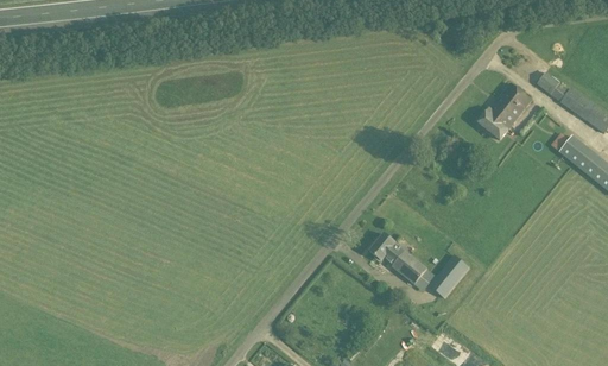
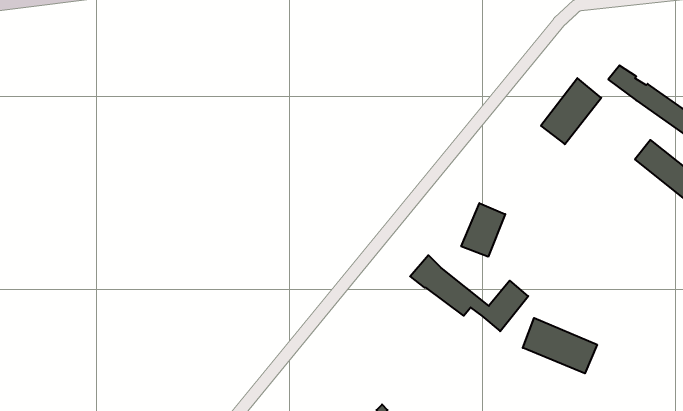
building: none -> [461,203,505,257]
building: none -> [523,318,597,373]

